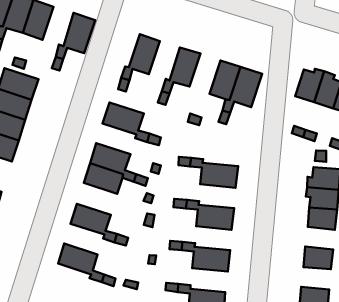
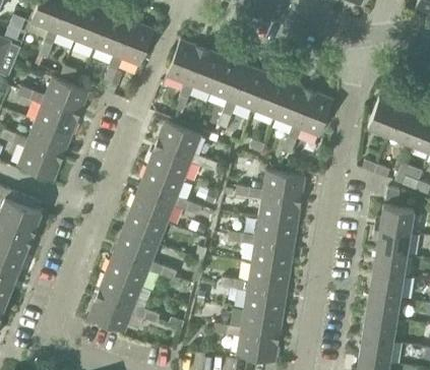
building: none -> [96,14,131,58]
building: none -> [166,42,202,85]
building: none -> [209,59,245,103]
building: none -> [253,75,289,120]
building: none -> [147,145,192,181]
building: none -> [262,172,305,201]
building: none -> [122,209,167,246]
building: none -> [255,219,297,247]
building: none -> [106,253,150,289]
building: none -> [248,264,290,293]
building: none -> [369,272,403,299]
building: none -> [88,296,133,332]
building: none -> [362,316,395,343]
building: none -> [241,310,283,338]

